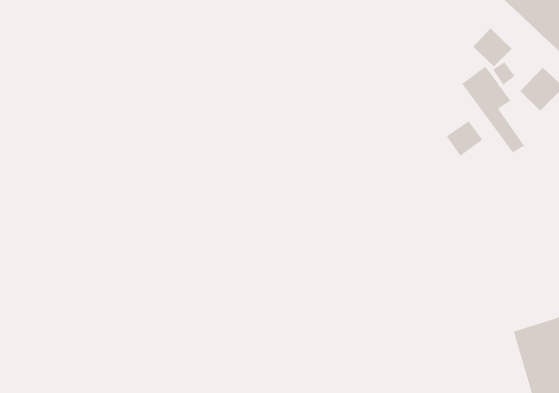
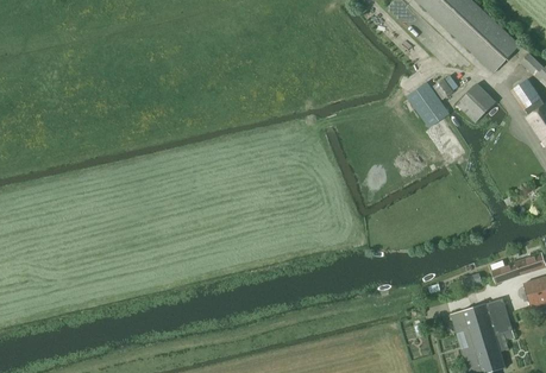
building: [472,27,512,67] -> none
building: [446,120,483,157] -> none

